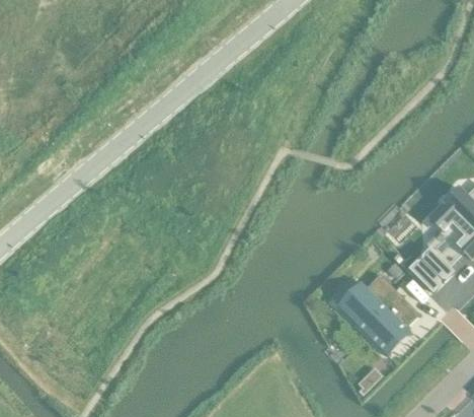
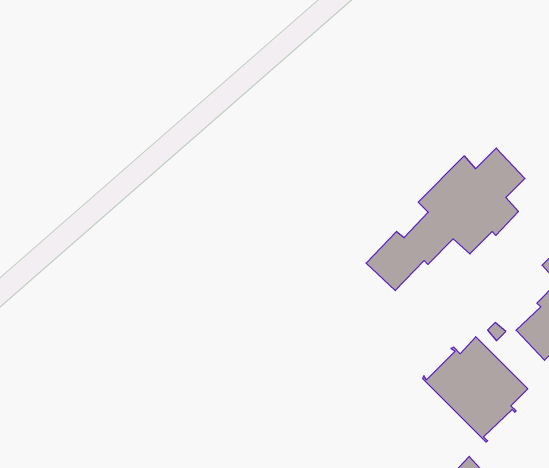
building: none -> [366,148,525,291]

